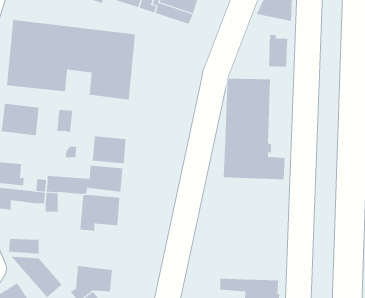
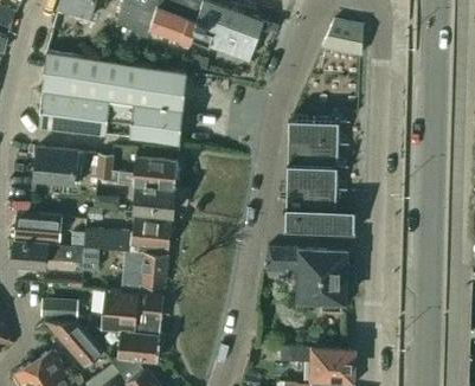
building: [269,34,288,67] -> none
building: none -> [134,159,178,186]
building: none -> [263,247,346,311]
building: none -> [101,290,165,336]

